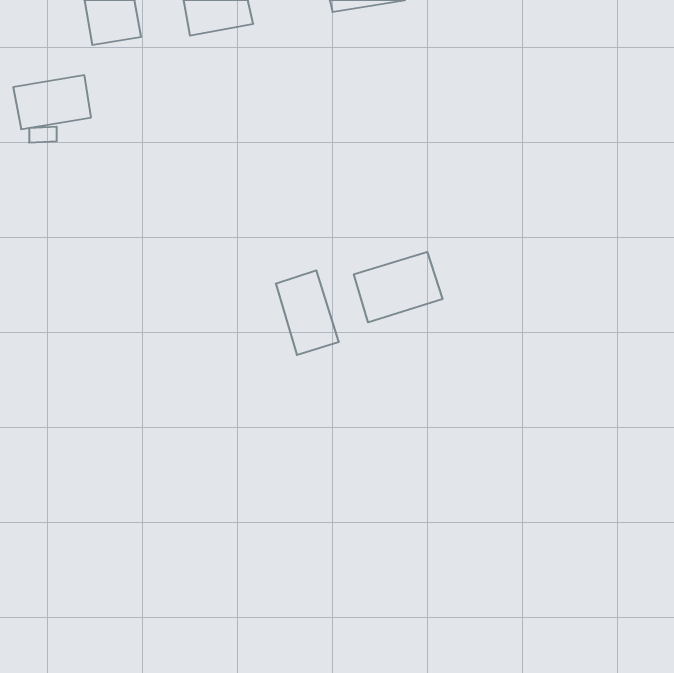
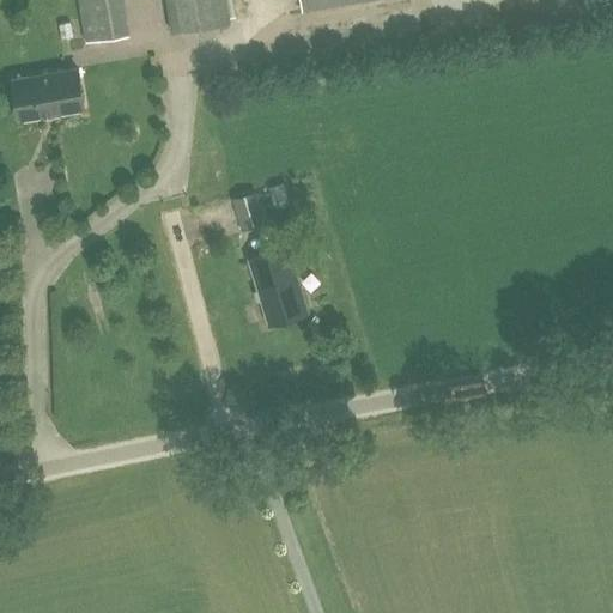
building: none -> [232,190,266,231]
building: [354,252,442,322] -> none

